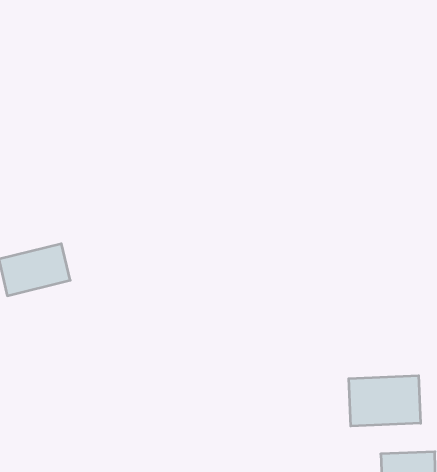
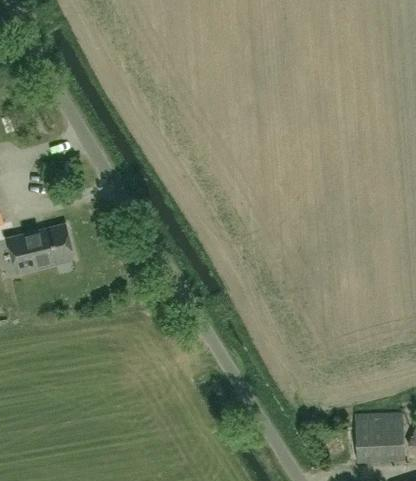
building: [349,376,421,426] -> none

